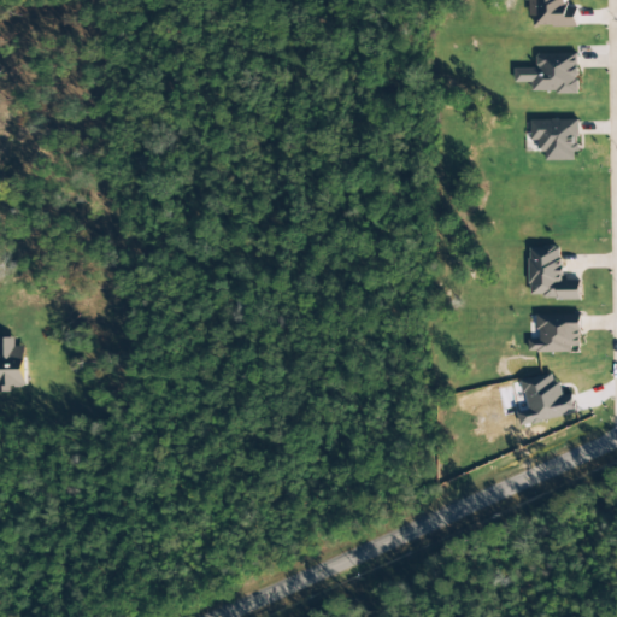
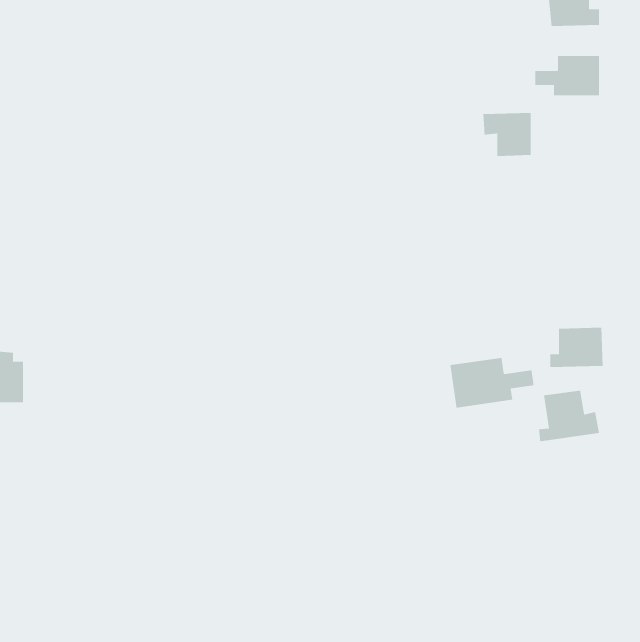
building: [528,118,575,160] -> [483,112,532,157]
building: [527,246,578,298] -> none
building: none -> [450,357,534,408]

